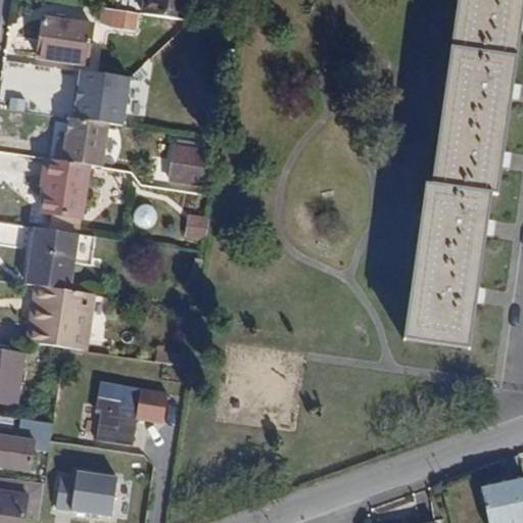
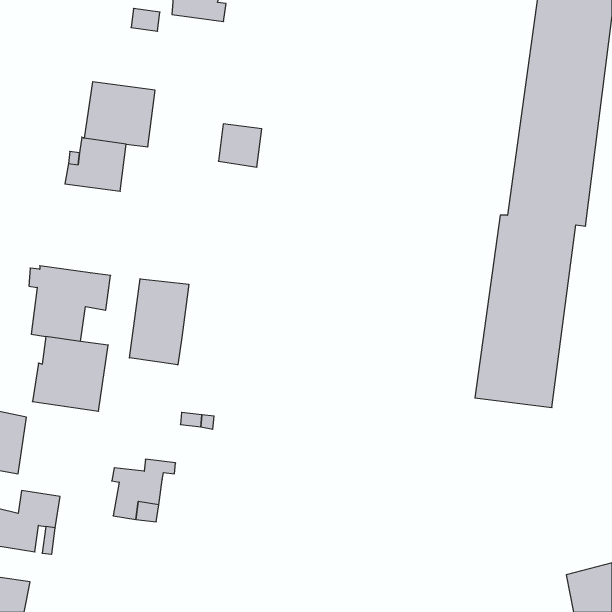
building: [38,16,90,59] -> none
building: [170,146,206,183] -> [218,124,262,167]
building: [41,156,88,217] -> none
building: none -> [129,279,189,365]
building: [56,469,120,514] -> none

